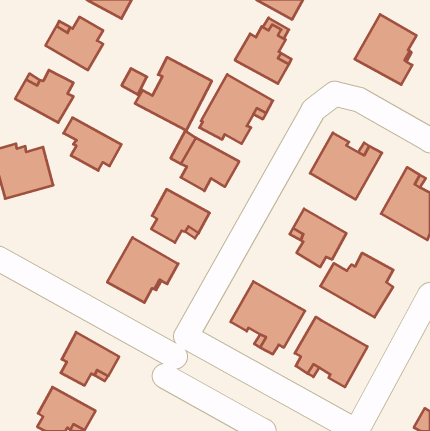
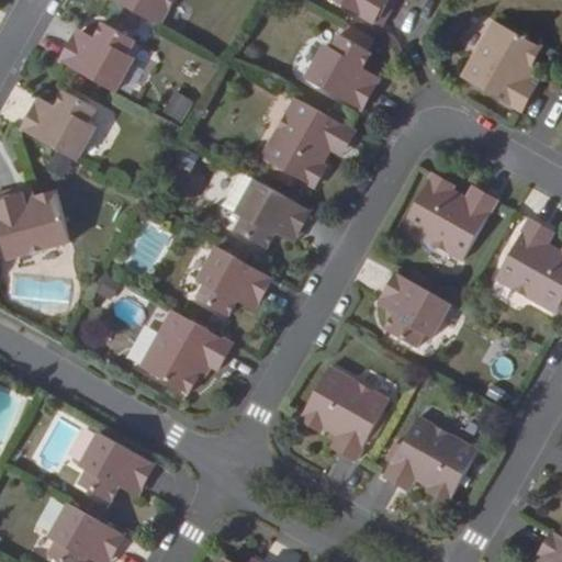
building: [135,57,212,130] -> none
building: [63,118,121,171] -> none
building: [320,253,393,317] -> none

